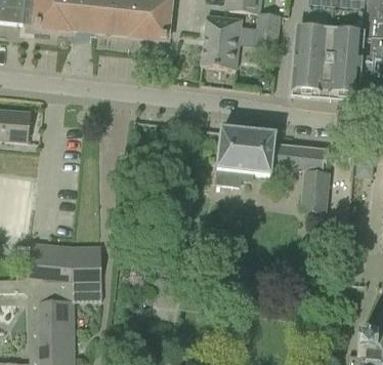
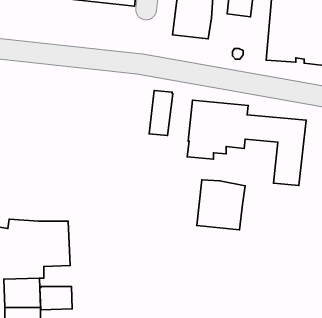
building: none -> [149,90,173,136]
building: none -> [197,180,245,230]
building: none -> [40,286,72,310]

